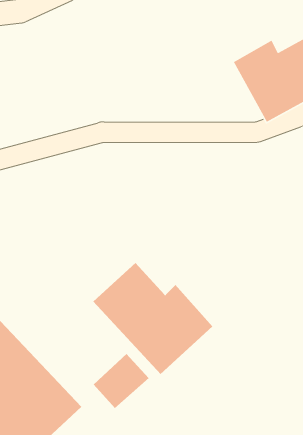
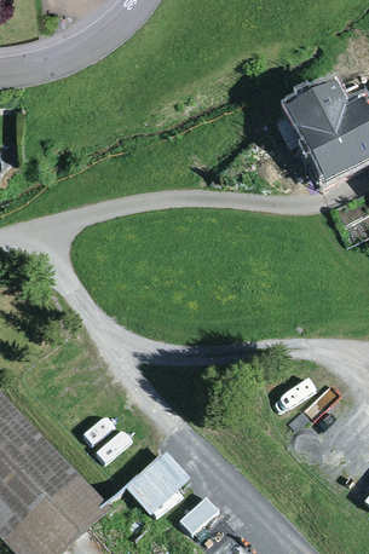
building: [93,262,213,375] -> none

